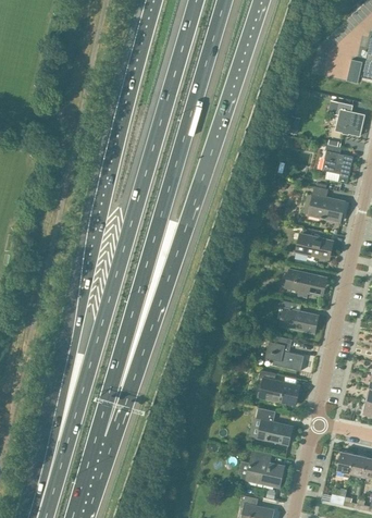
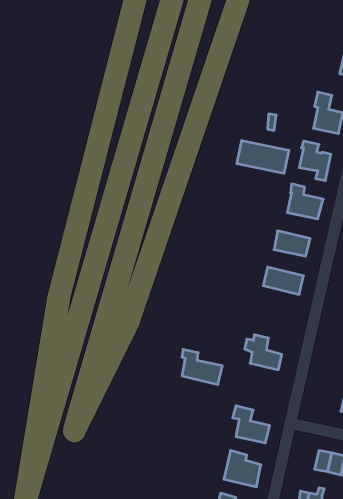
building: none -> [237,140,289,173]
building: [278,299,318,333] -> none
building: [259,370,299,405] -> [182,349,222,384]

